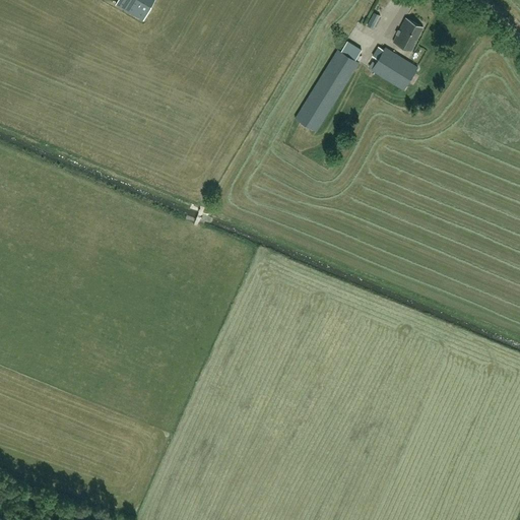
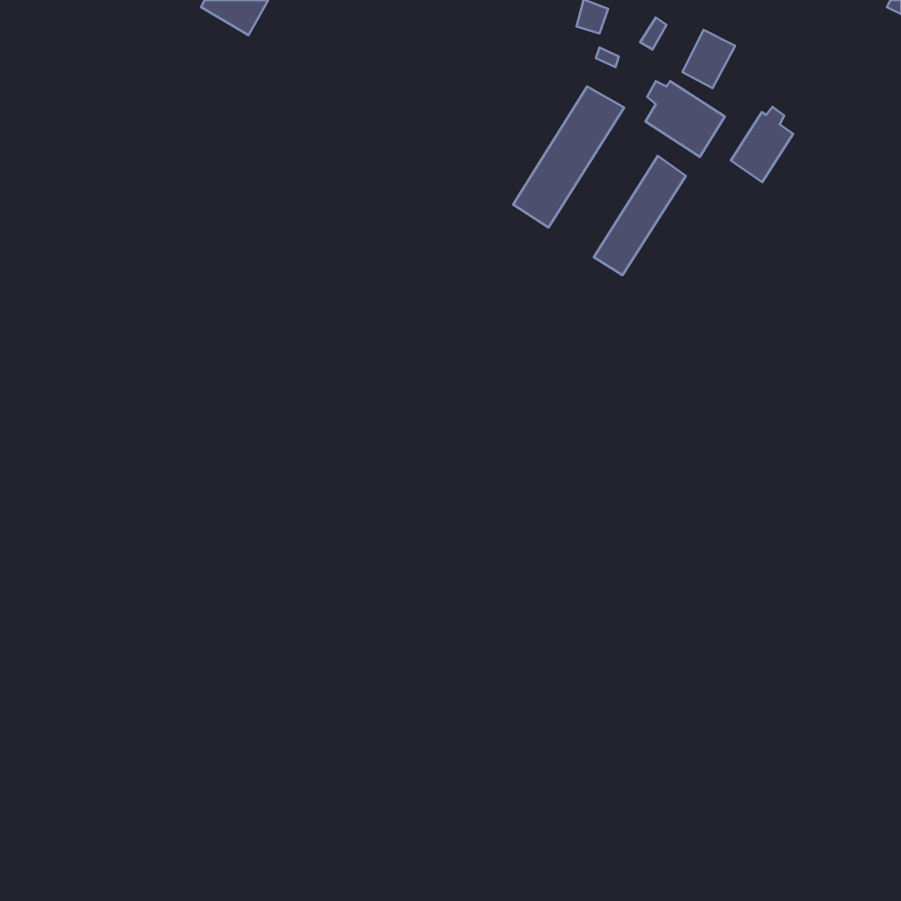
building: none -> [731,107,793,182]
building: none -> [594,156,686,275]

